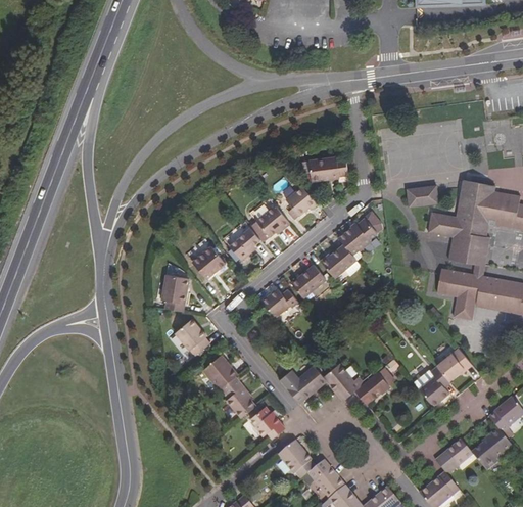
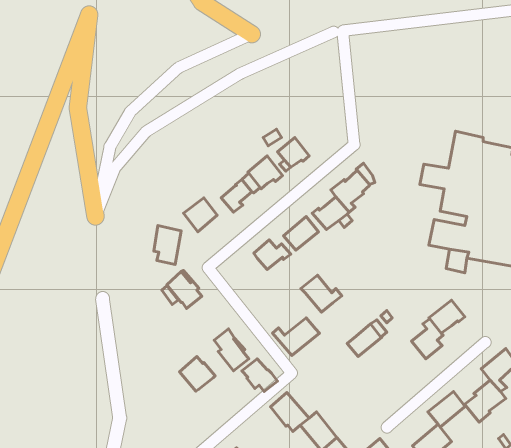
building: [308,156,348,181] -> none
building: [407,185,438,206] -> none
building: [202,355,238,389] -> [179,356,215,391]
building: [323,363,364,400] -> [301,275,342,312]

